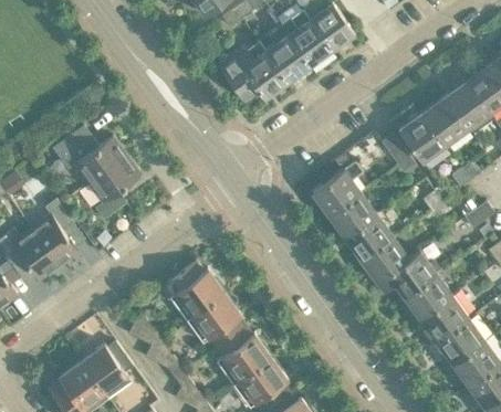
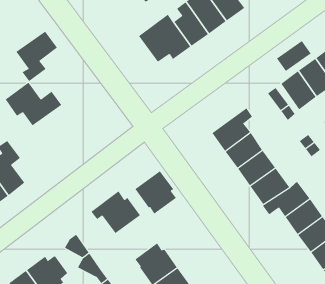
building: none -> [276,40,312,72]
building: [87,156,140,220] -> [15,31,58,82]
building: [191,294,244,349] -> [134,170,177,215]

